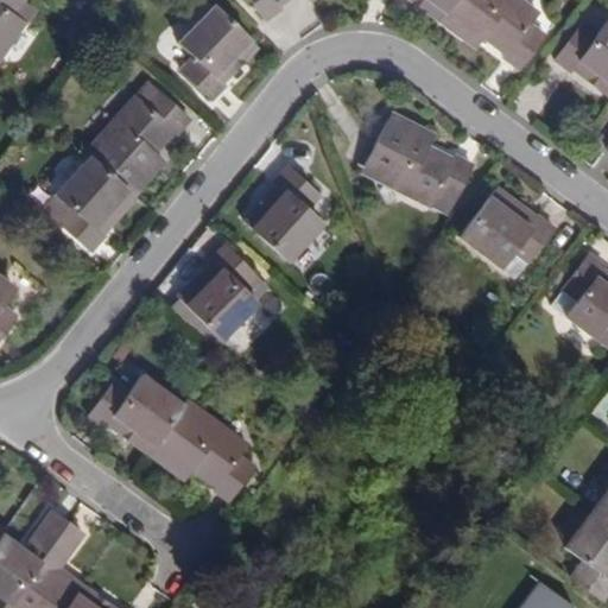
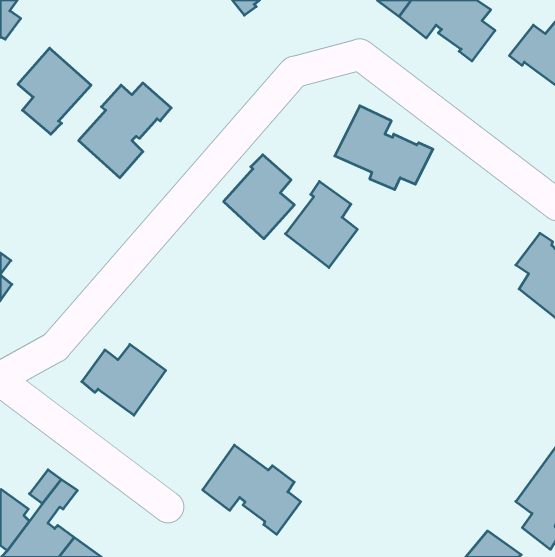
building: [177,5,255,99] -> none
building: [53,153,133,247] -> [18,48,91,134]
building: [462,188,556,267] -> none
building: [186,246,265,340] -> [285,181,357,268]
building: [148,404,255,501] -> [203,445,301,534]

